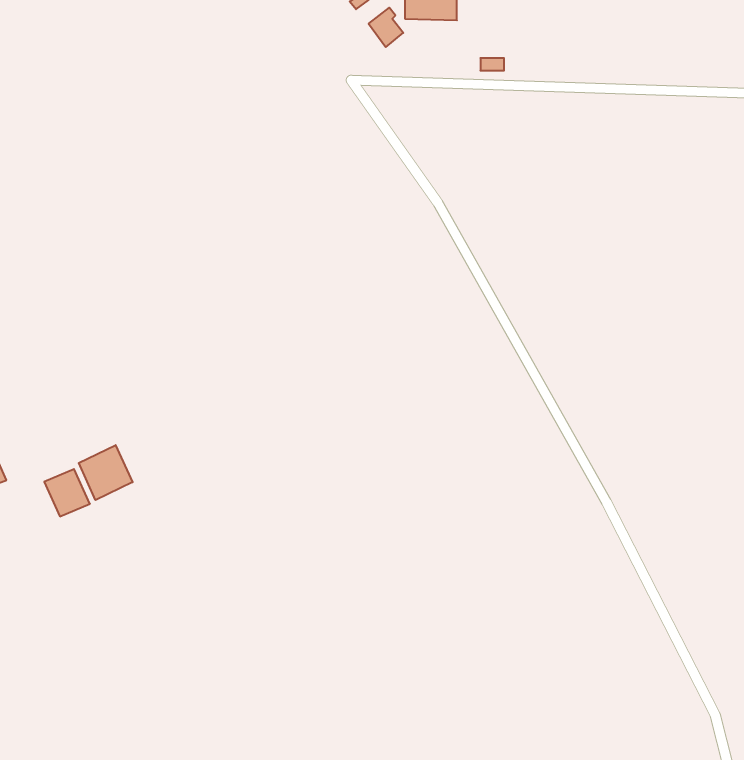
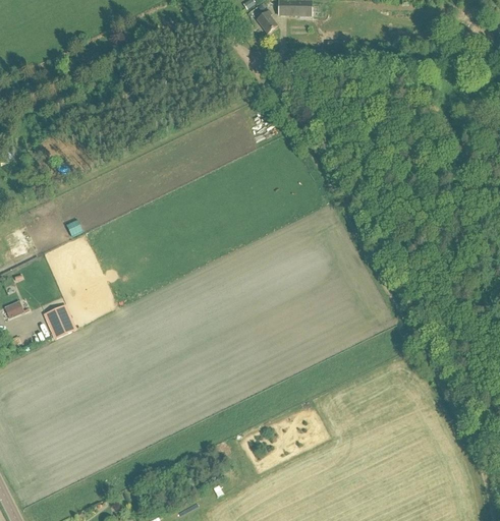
building: [79,445,133,500] -> none

